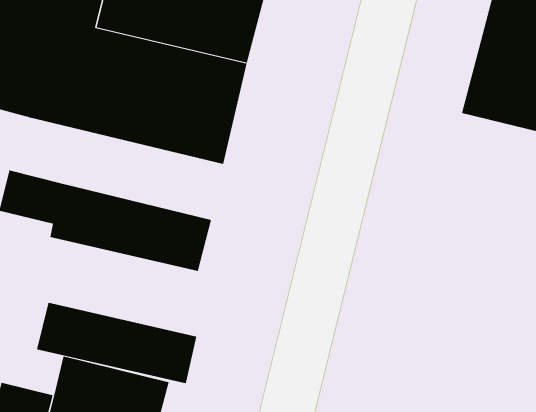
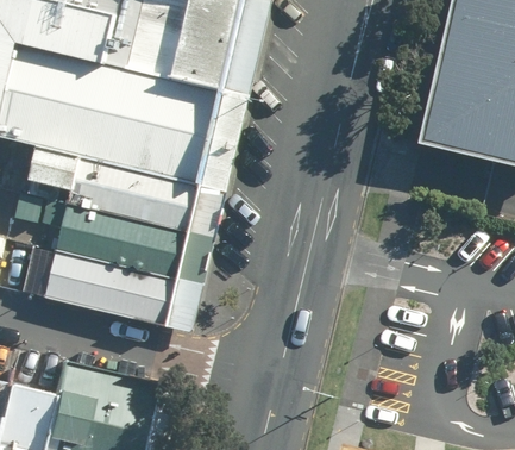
building: none -> [24,145,211,238]
building: [36,302,197,384] -> [43,254,188,327]

